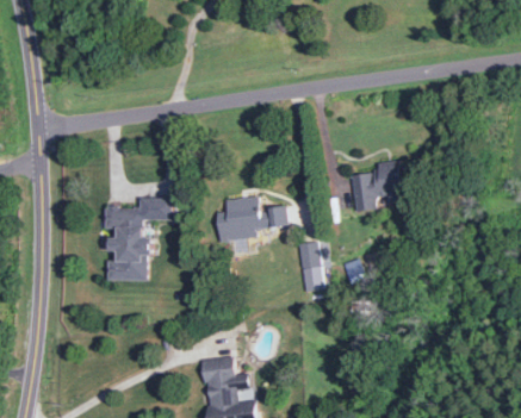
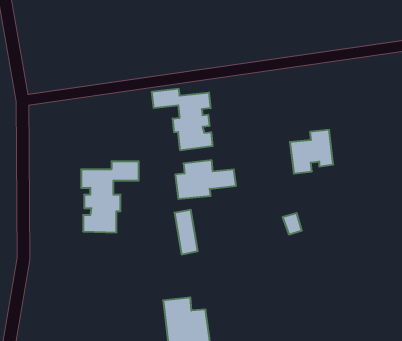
building: none -> [152,89,213,150]
building: [297,241,324,293] -> [174,210,198,254]

